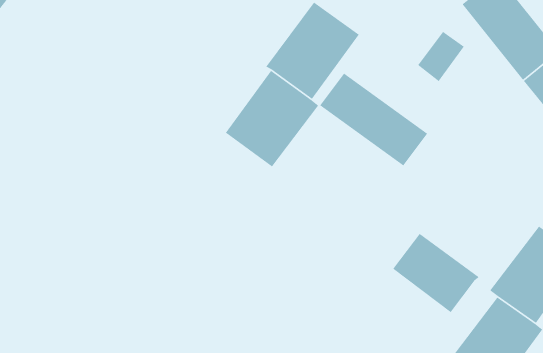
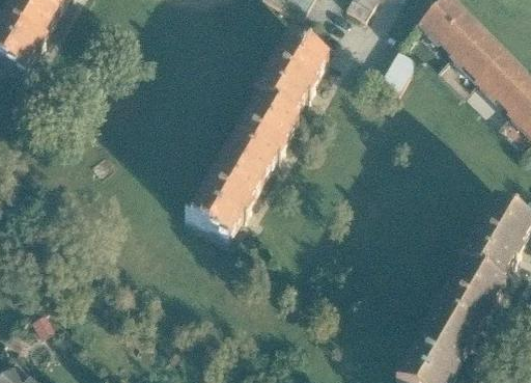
building: [319,72,428,167] -> none
building: none -> [187,147,268,236]
building: [392,233,479,313] -> none

